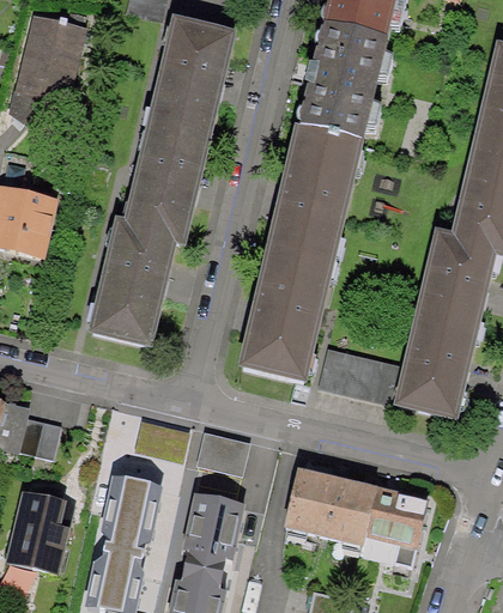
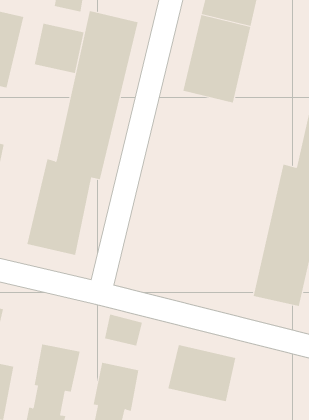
building: none -> [34,23,84,74]
building: [237,125,368,386] -> none
building: [315,347,396,405] -> none
building: [357,487,422,566] -> none

